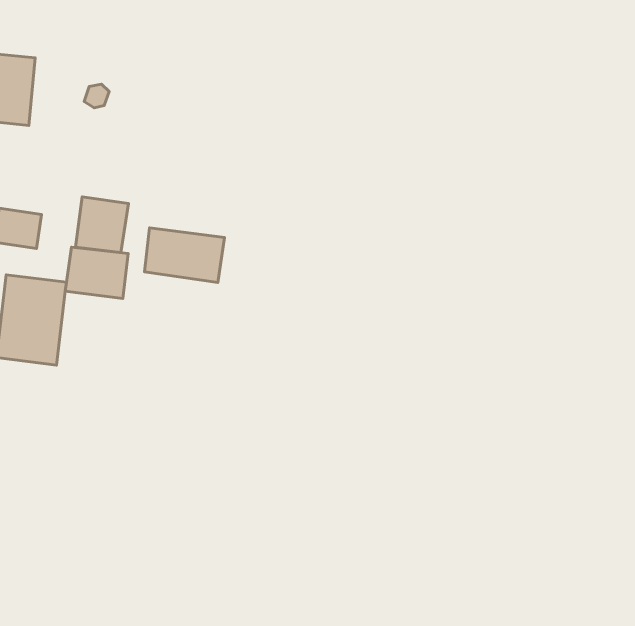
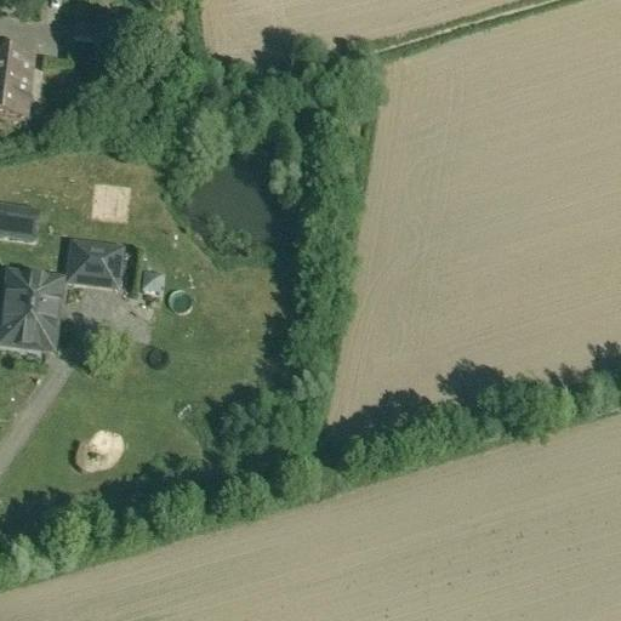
building: [76,197,128,253] -> none
building: [145,228,225,283] -> none

